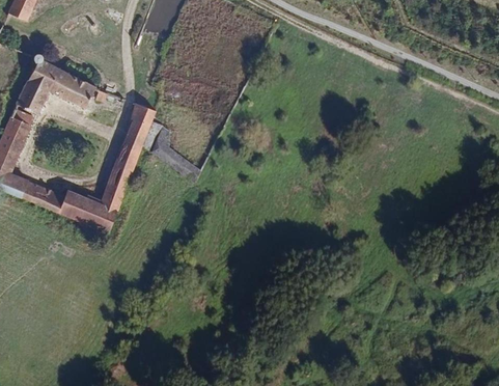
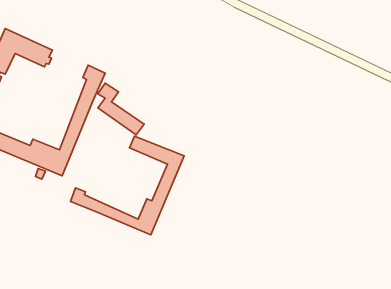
building: none -> [71,136,184,235]

